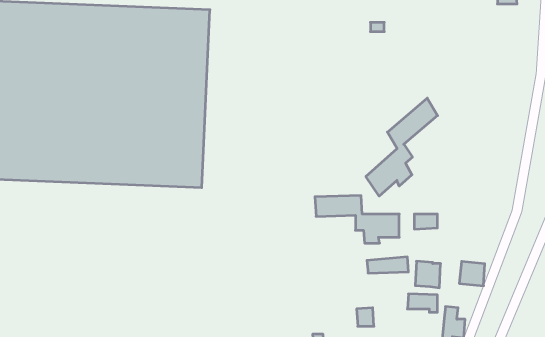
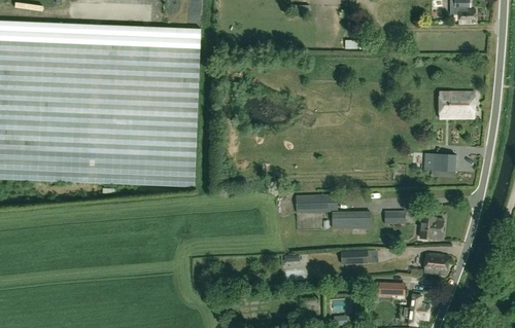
building: none -> [439,93,474,118]
building: [366,98,438,196] -> none
building: none -> [423,153,456,173]
building: [415,261,441,288] -> [419,216,442,240]

